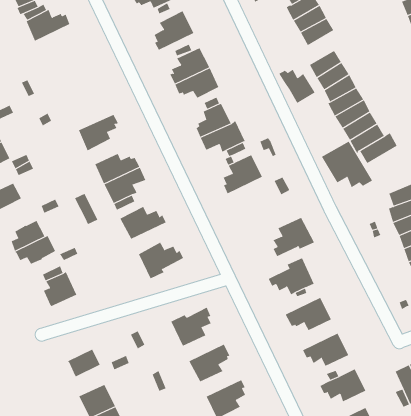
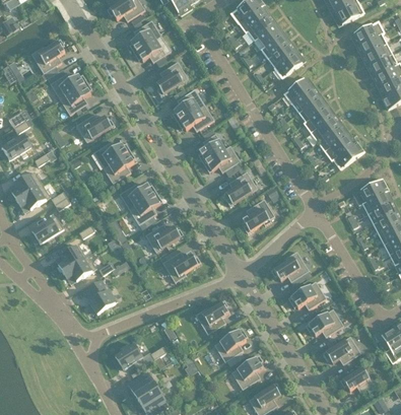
building: none -> [59,81,91,114]
building: none -> [75,113,114,141]
building: [279,69,316,104] -> none
building: none -> [93,140,130,166]
building: [321,141,373,188] -> none
building: [273,217,315,257] -> [242,198,276,232]

